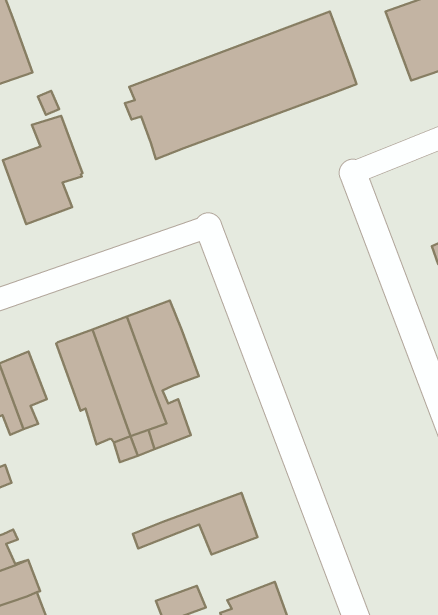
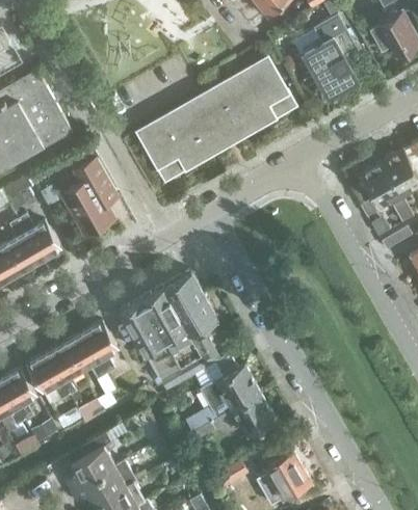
building: none -> [185,365,260,432]

